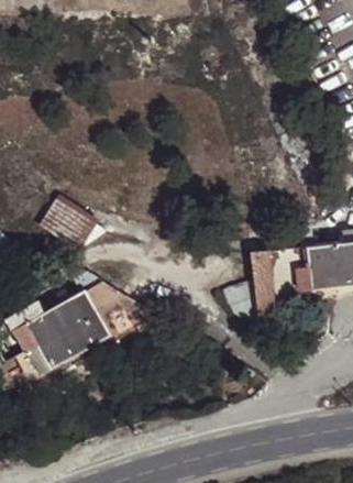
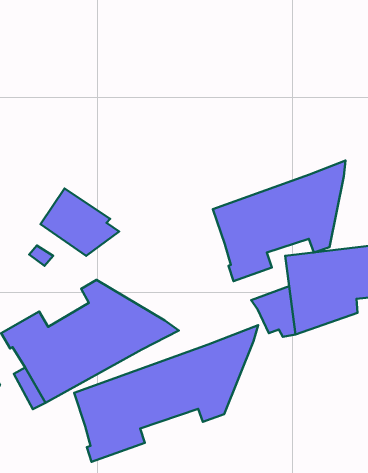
building: none -> [213,160,346,281]
building: none -> [74,325,258,462]

